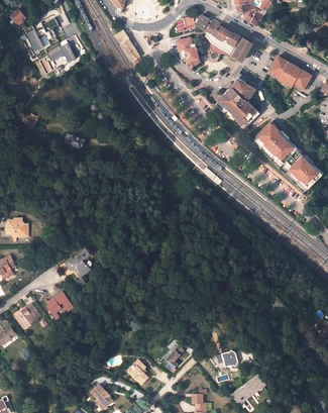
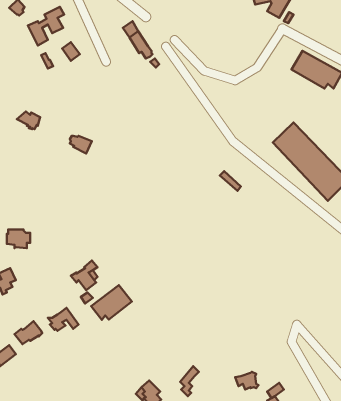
building: [183,15,249,60] -> none
building: [176,38,198,69] -> none
building: [216,78,260,133] -> none
building: none -> [91,285,132,320]

